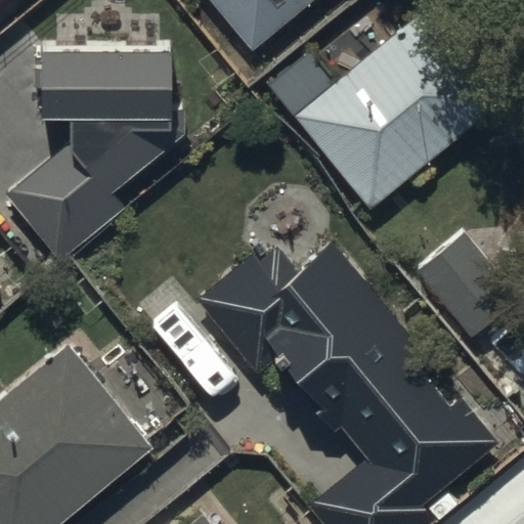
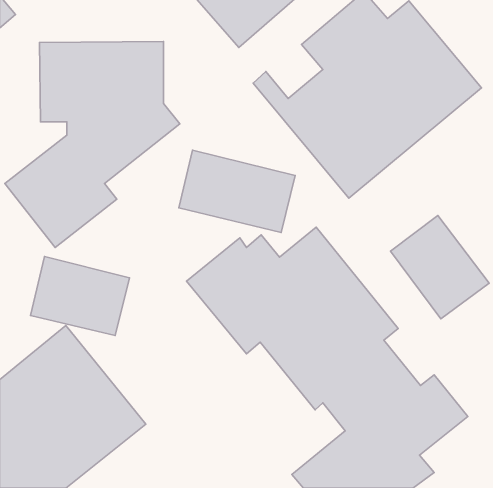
building: none -> [179,150,295,232]
building: none -> [31,257,130,336]

